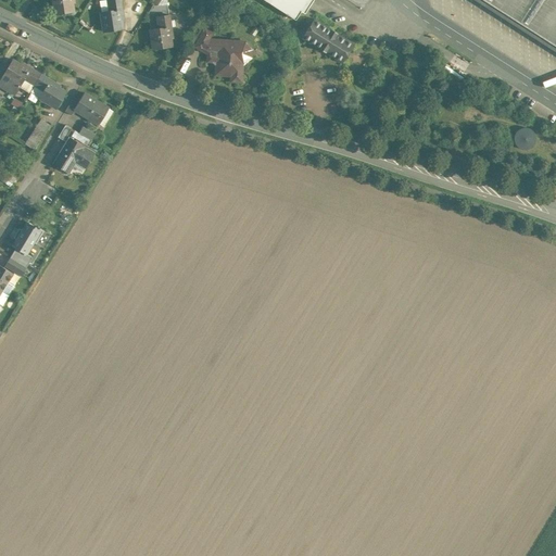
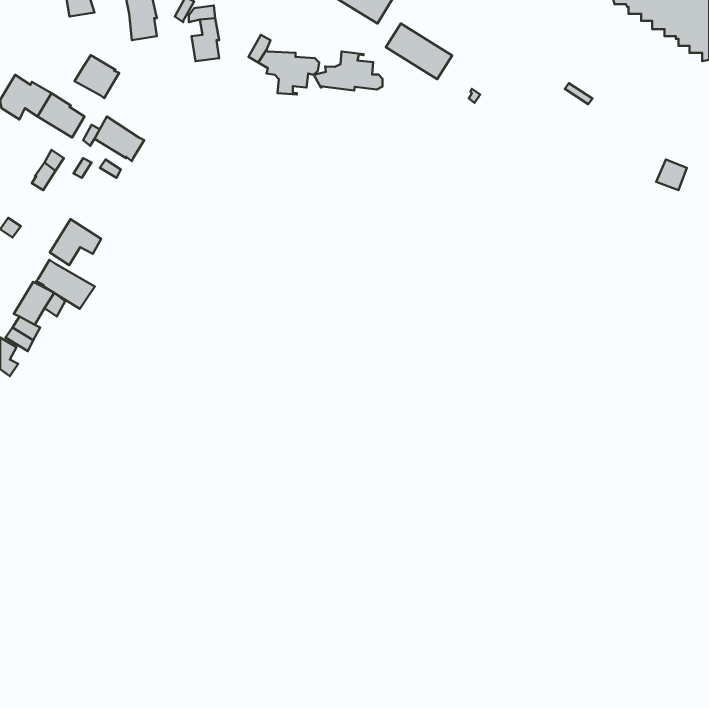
building: none -> [314,52,382,91]
building: none -> [74,55,119,98]
building: [53,136,93,172] -> [50,219,101,265]
building: none -> [36,260,95,309]

